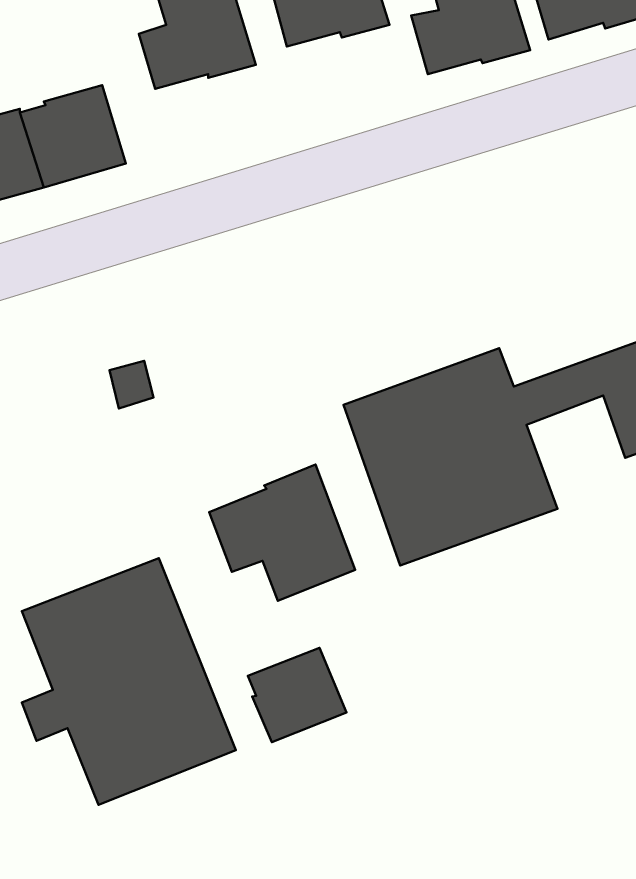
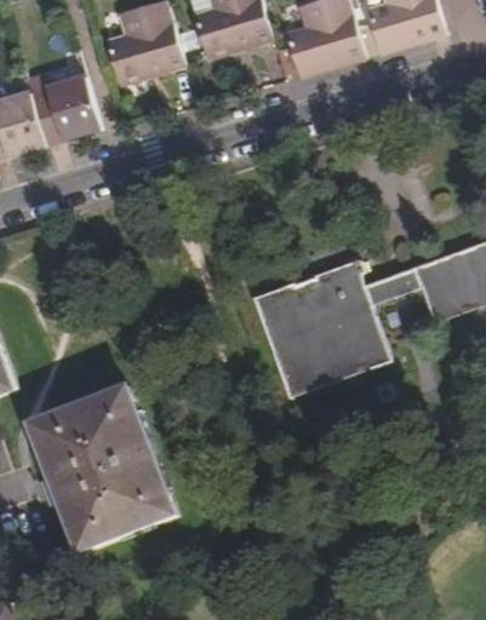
building: [209,464,355,601] -> none
building: [248,648,346,742] -> none

